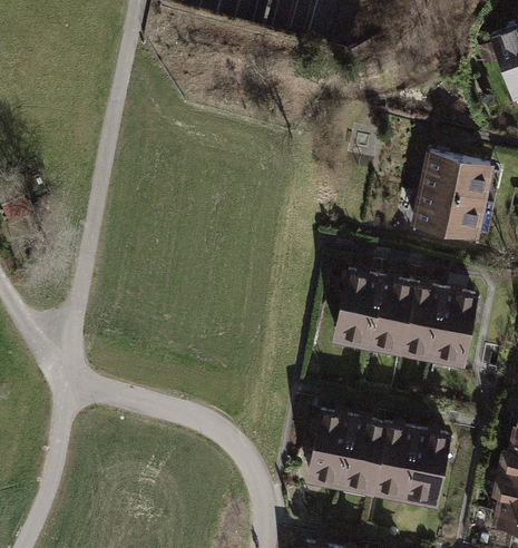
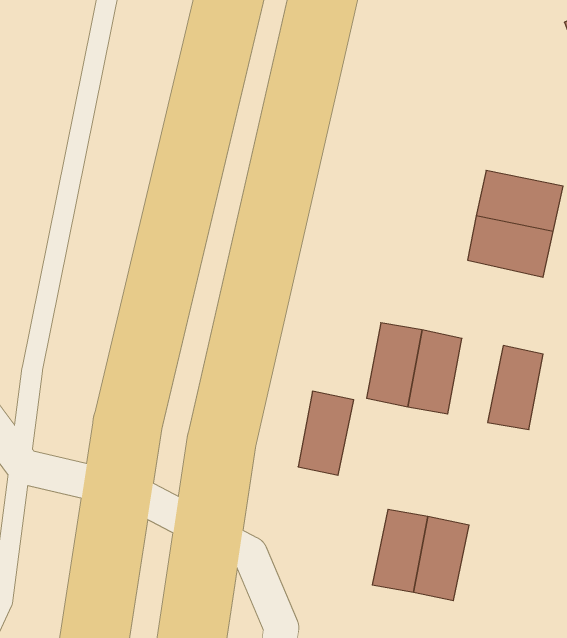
building: [401,288,444,354] -> none
building: [311,415,354,481] -> [298,391,354,475]
building: [405,434,449,500] -> none

